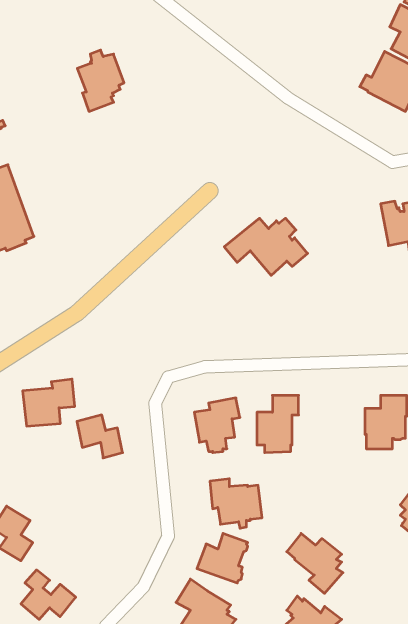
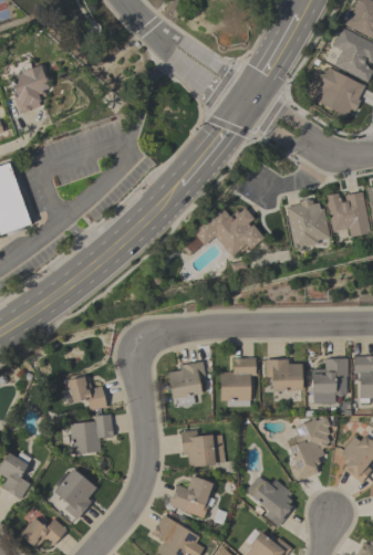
building: [77,50,124,111] -> [10,62,50,114]
building: none -> [286,199,330,249]
building: [23,379,75,426] -> [69,413,113,453]
building: none -> [265,359,302,390]
building: none -> [287,417,330,482]
building: none -> [53,468,96,519]

